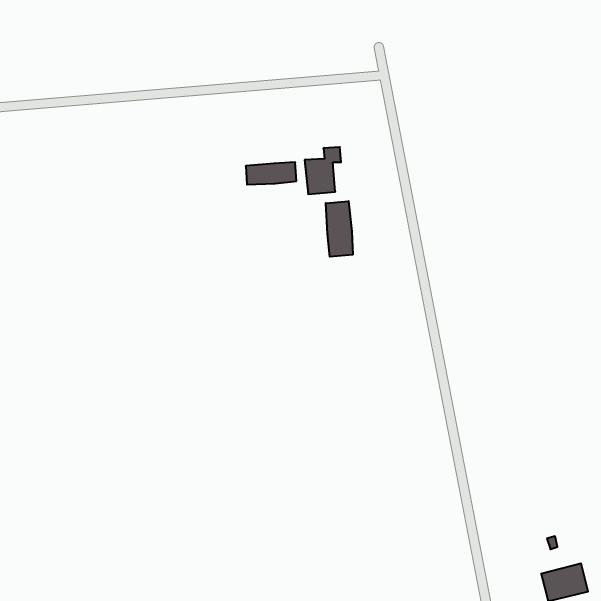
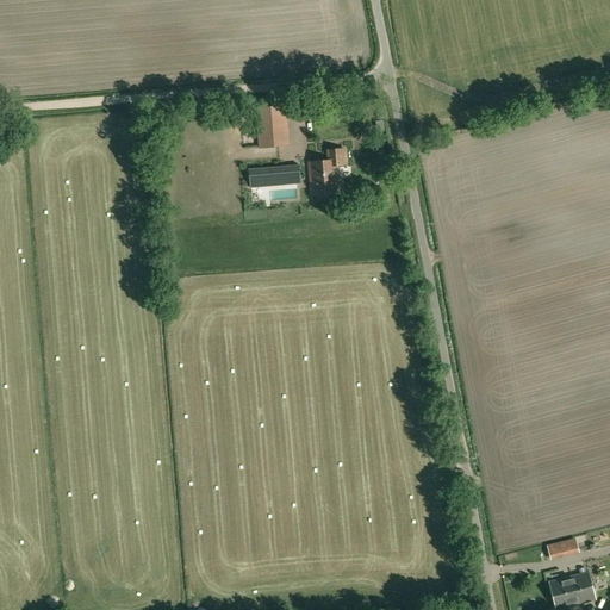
building: none -> [257,106,288,147]
building: [326,201,353,257] -> none

